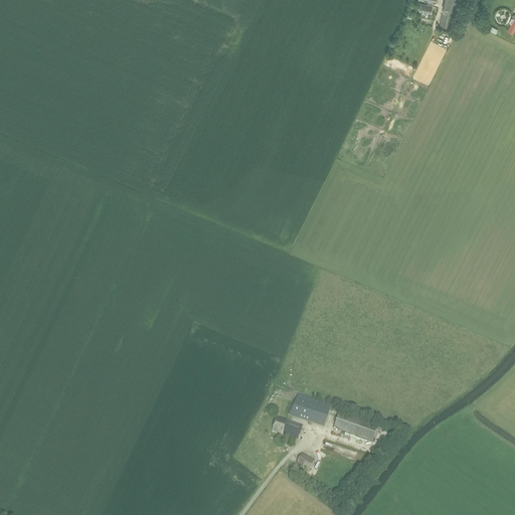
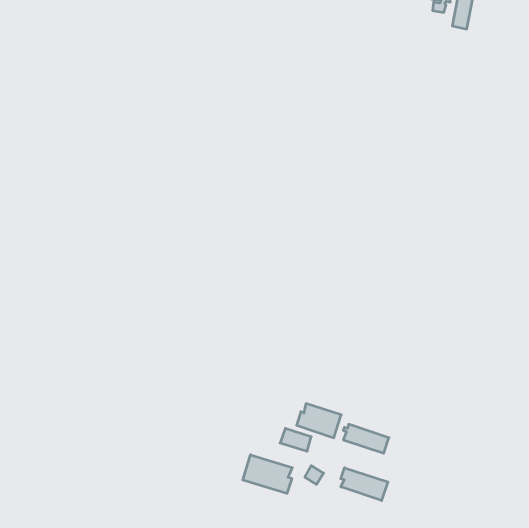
building: none -> [243,455,292,493]
building: none -> [341,468,388,501]

